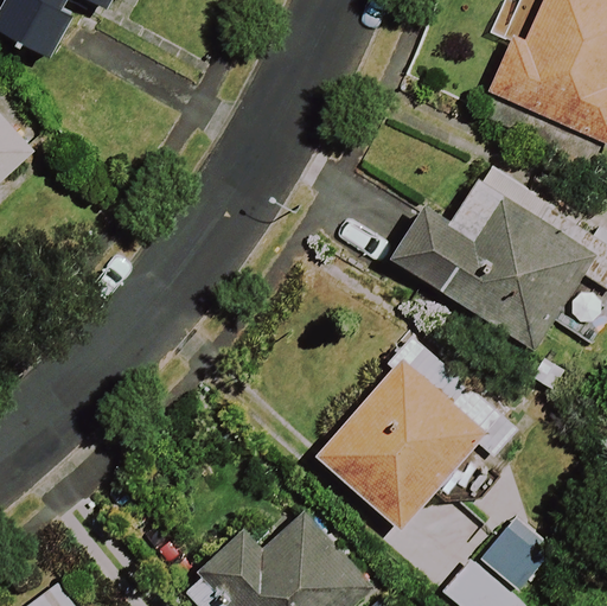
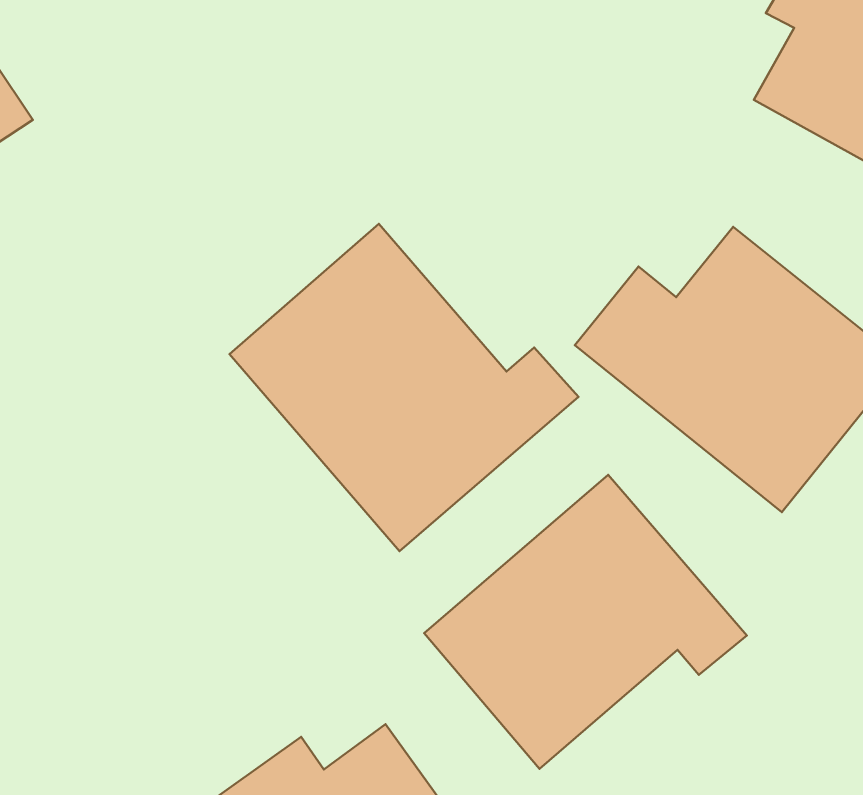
building: none -> [230,224,579,551]

